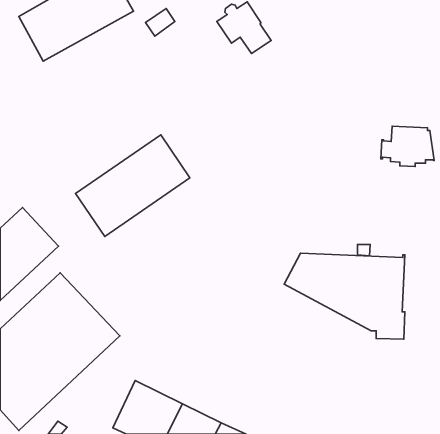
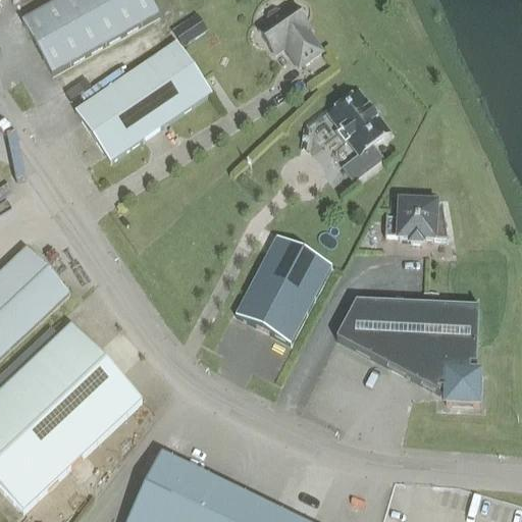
building: none -> [329,90,387,178]
building: [381,126,434,167] -> [382,196,446,244]
building: [75,135,190,236] -> [75,39,211,159]
building: none -> [236,234,331,342]

